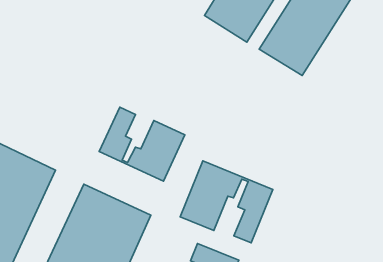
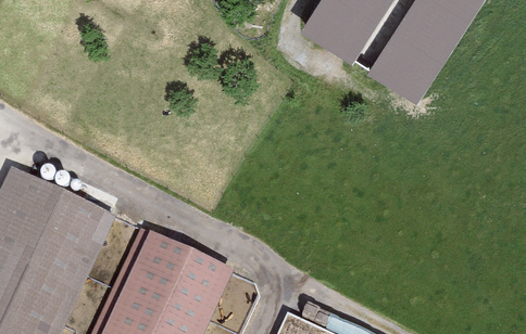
building: [99,107,185,181] -> none
building: [180,161,273,243] -> none

